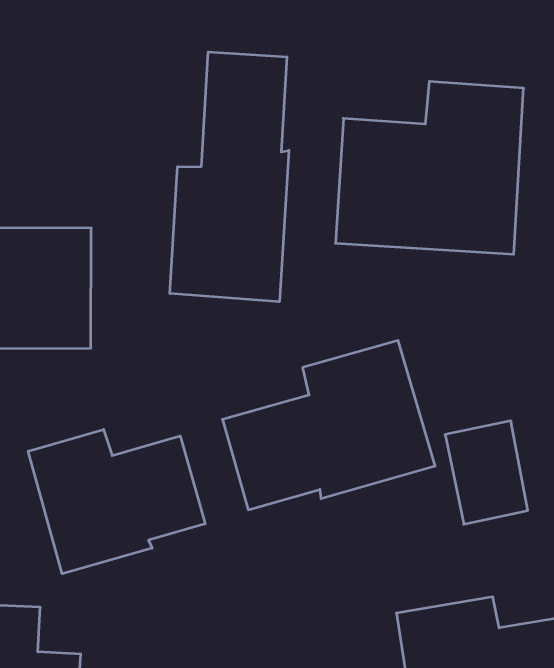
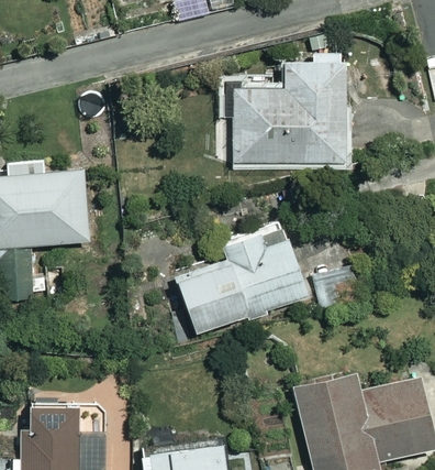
building: [170,52,289,302] -> none
building: [28,429,205,574] -> none

